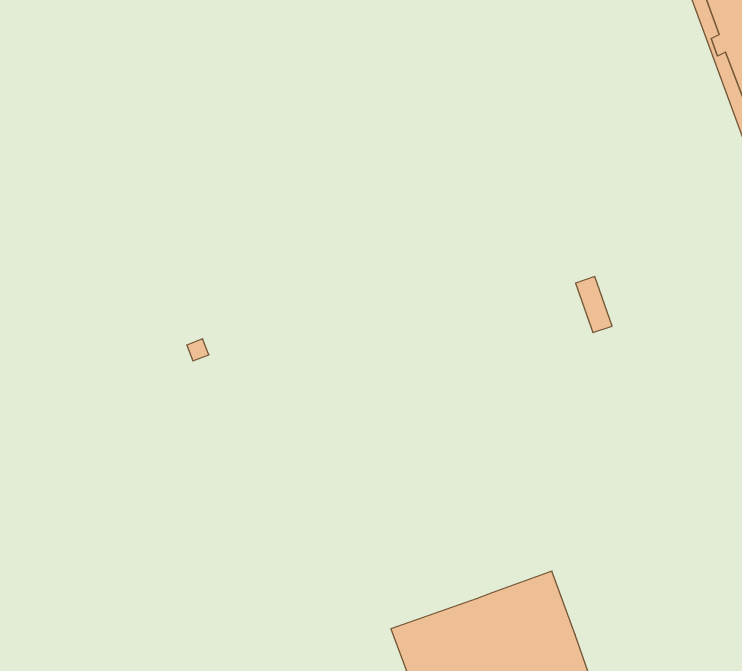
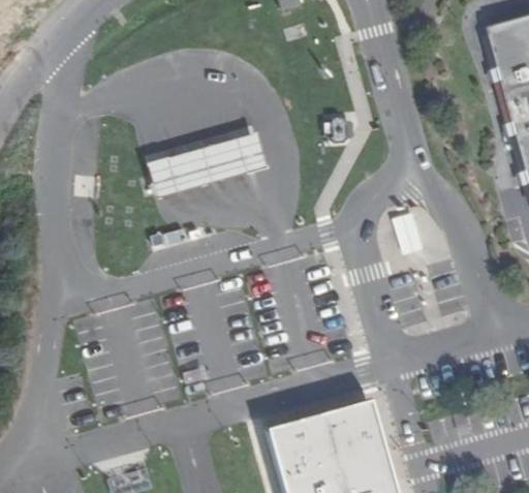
building: none -> [150,131,270,199]

